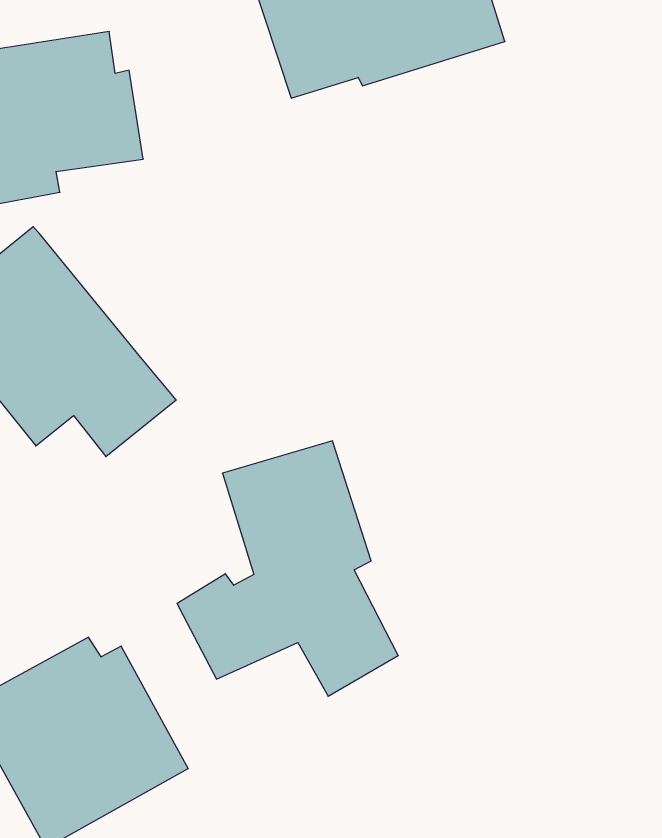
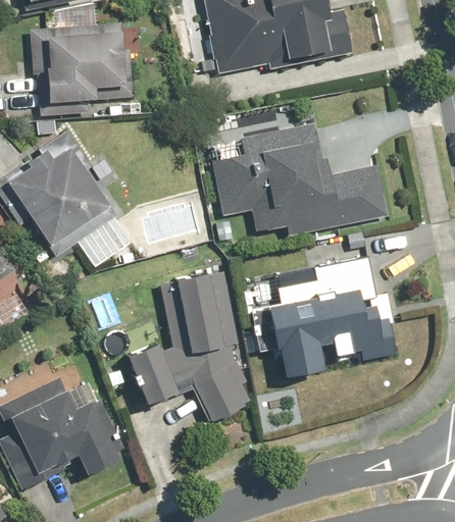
building: none -> [213,119,385,237]
building: none -> [244,259,389,376]

